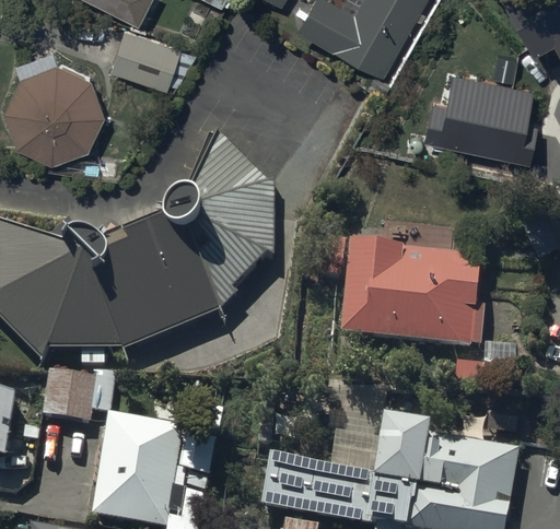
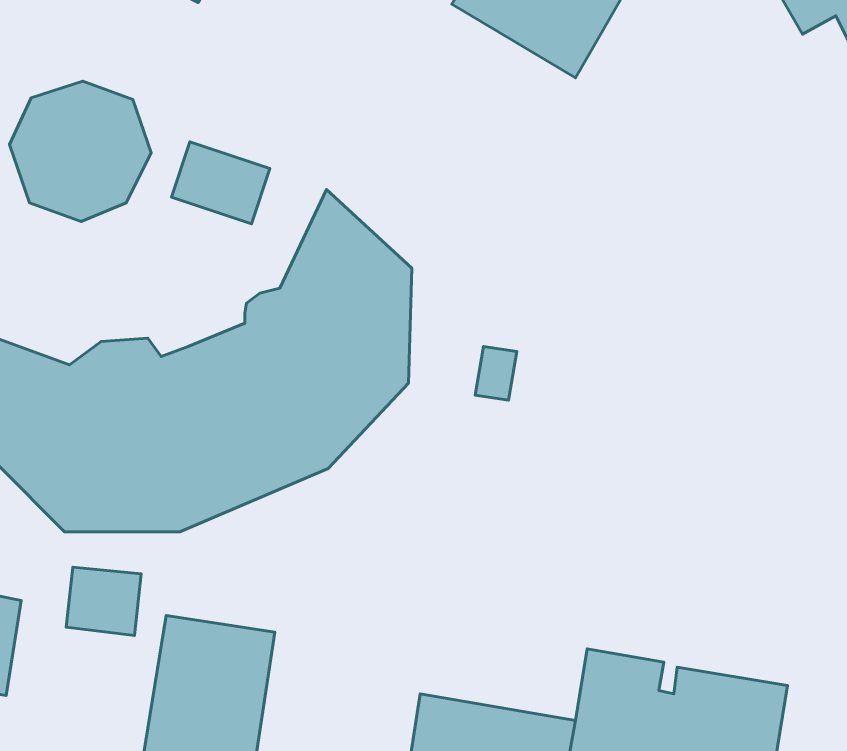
building: [109,21,174,74] -> [171,142,270,224]
building: [421,67,528,144] -> none
building: [337,240,474,339] -> none

